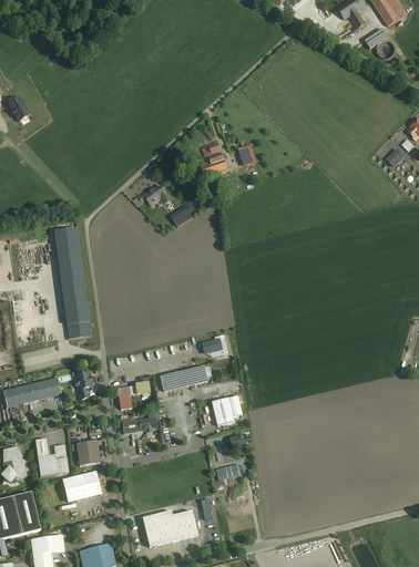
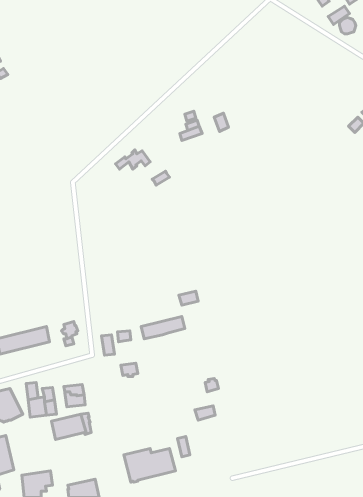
building: [54,228,92,339] -> none
building: [212,396,235,425] -> none
building: [13,492,40,534] -> none

